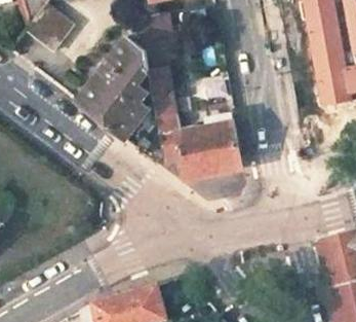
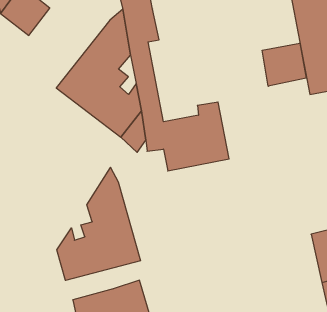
building: none -> [262,43,306,86]
building: none -> [57,167,140,280]

